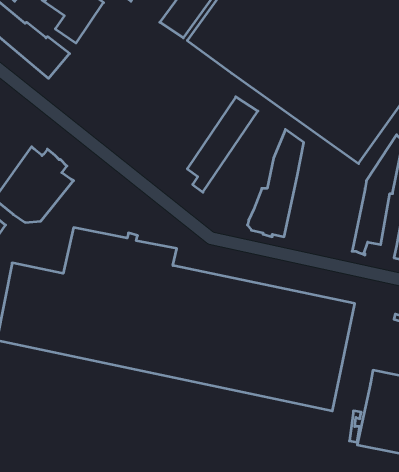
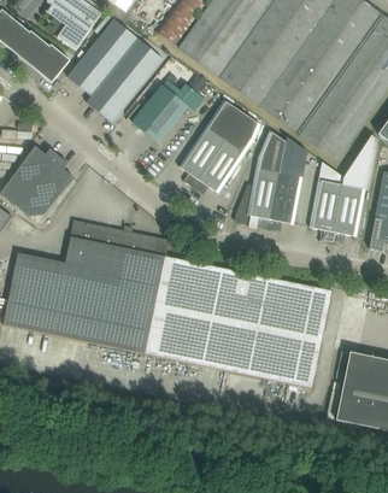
building: none -> [67,18,163,122]
building: none -> [129,78,204,142]
building: none -> [193,112,260,194]
building: none -> [268,136,307,230]
building: none -> [308,178,342,241]

